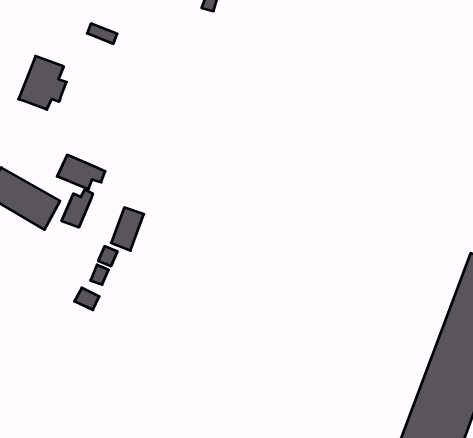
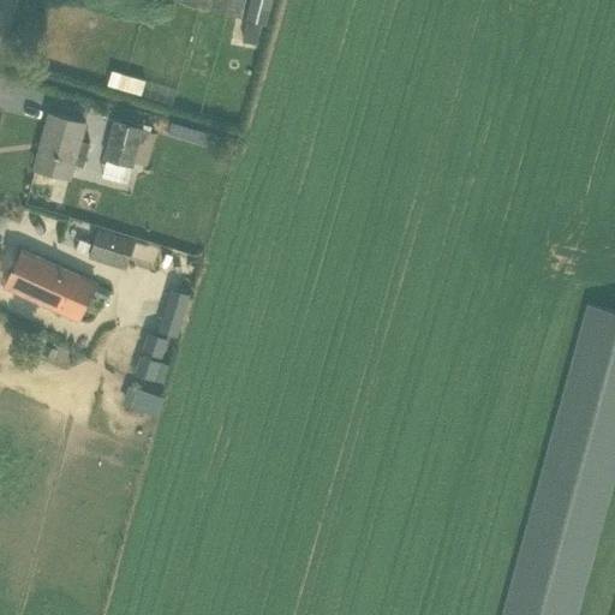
building: none -> [103,123,155,167]
building: [62,190,93,227] -> none

